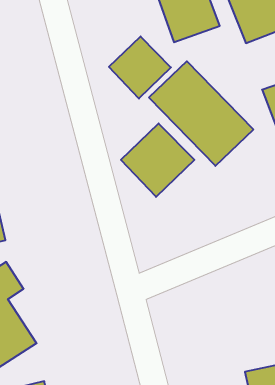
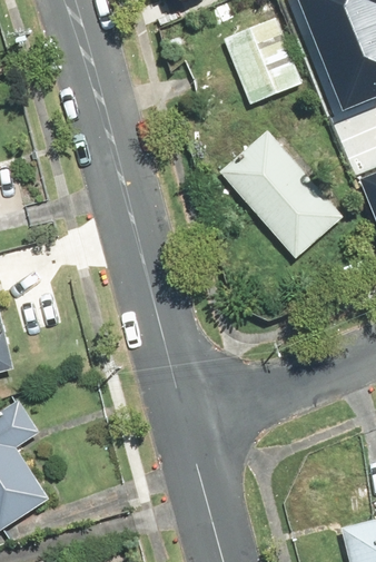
building: [109,36,171,99] -> none
building: [121,123,194,197] -> none

